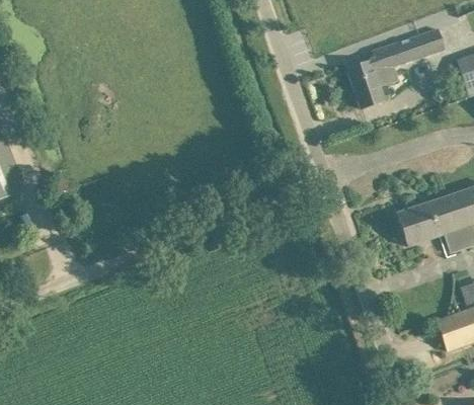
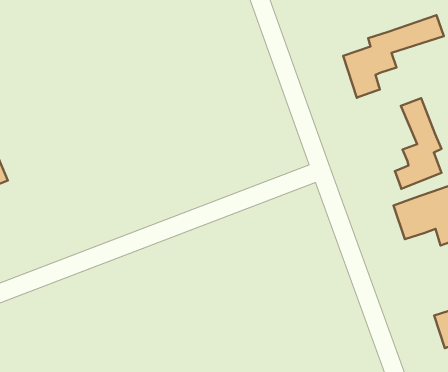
building: none -> [395,98,442,189]

